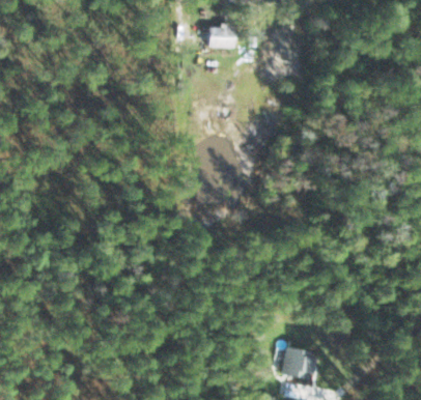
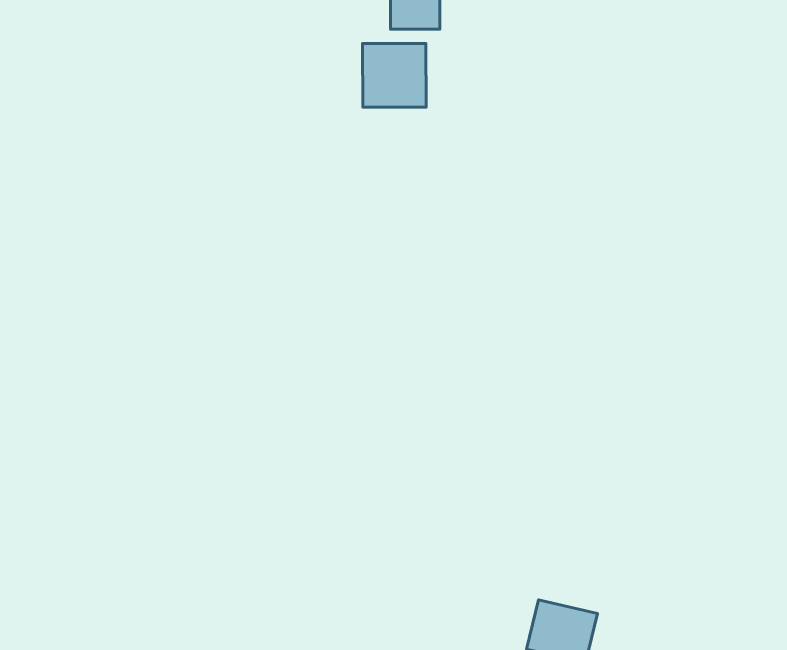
building: none -> [363,43,426,107]

